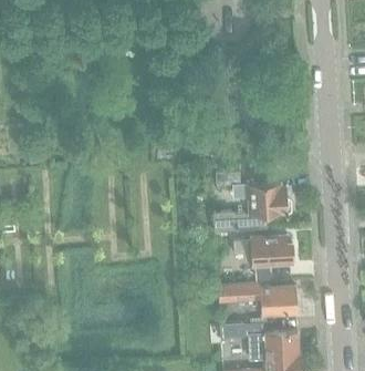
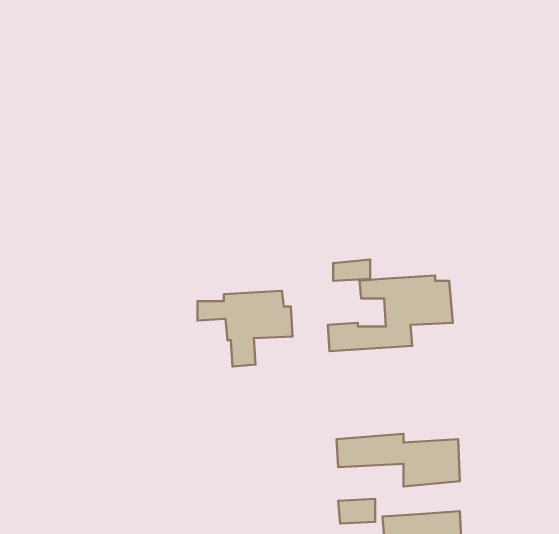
building: [232,235,292,282] -> [197,291,292,366]

